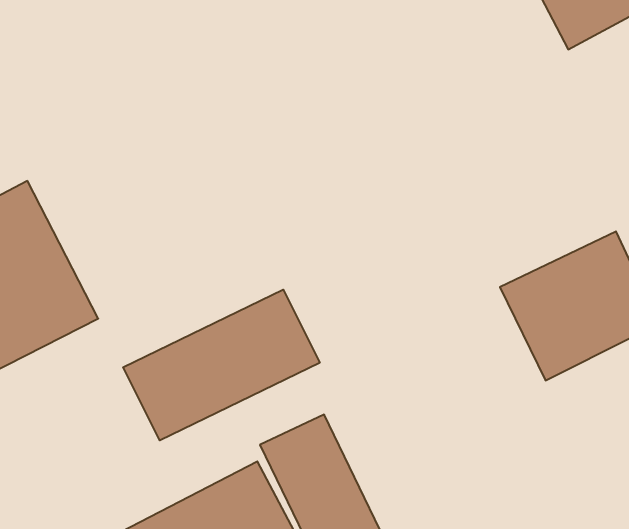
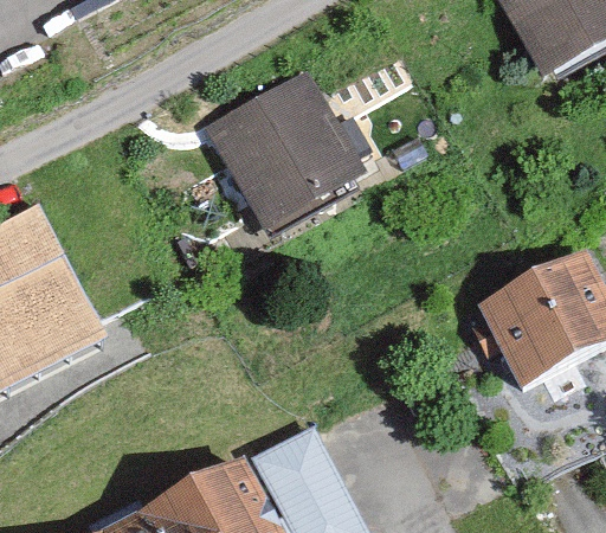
building: none -> [211,75,366,232]
building: [123,290,320,440] -> none

